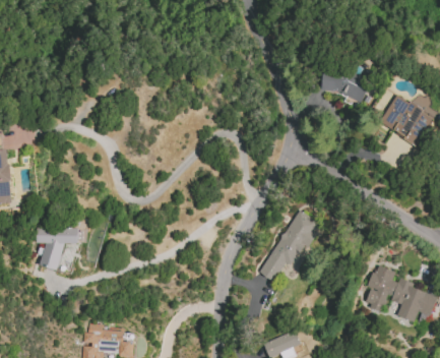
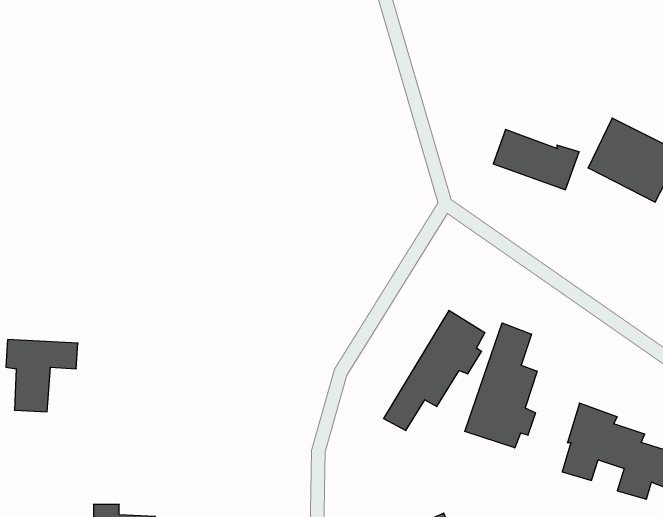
building: [319,66,370,102] -> [493,130,579,190]
building: none -> [465,323,537,448]

